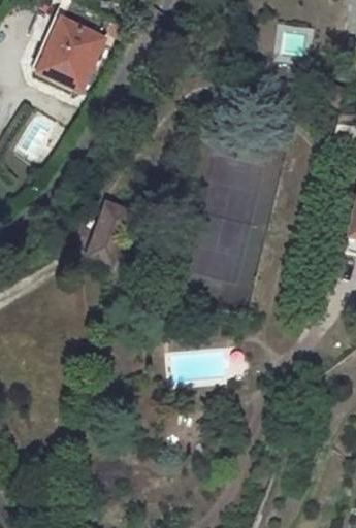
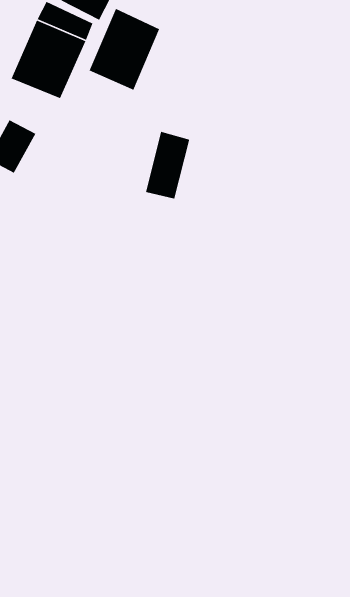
building: none -> [89,8,160,91]
building: [89,200,128,260] -> [145,131,190,200]

